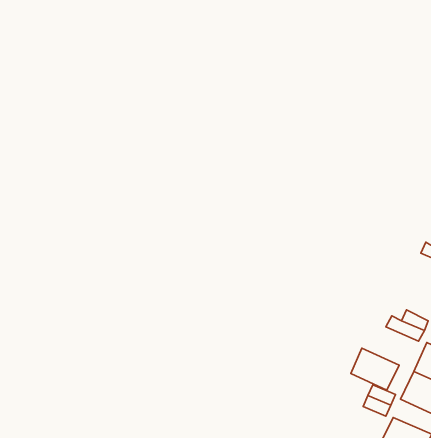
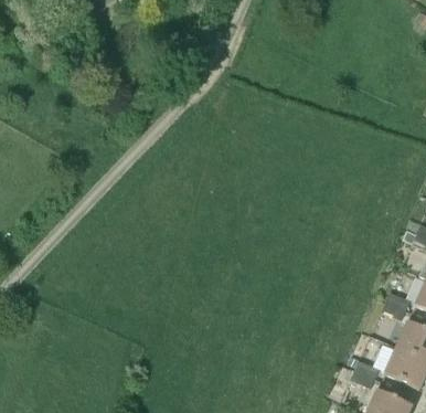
building: [351,348,399,390] -> none

